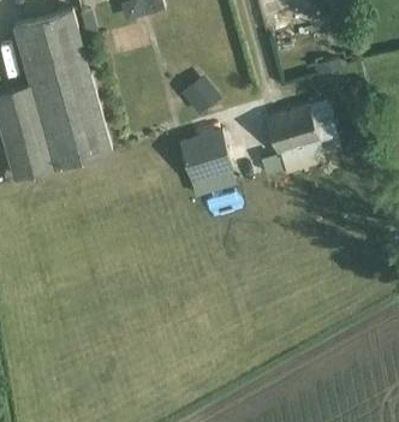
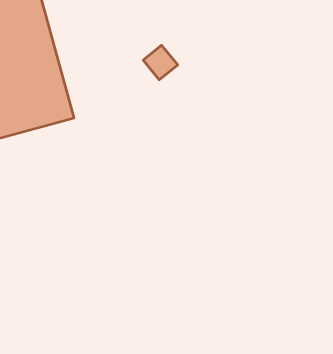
building: [260,102,333,176] -> none
building: [183,135,230,183] -> none

